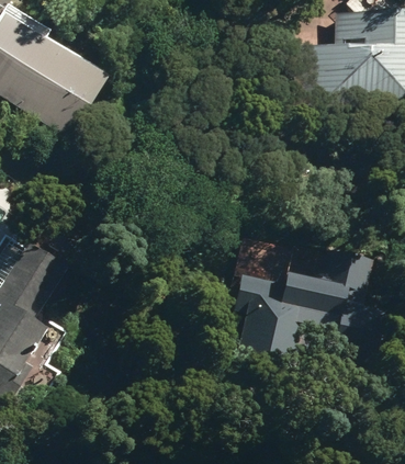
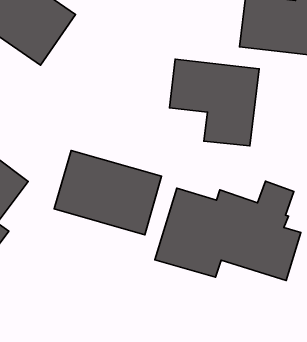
building: none -> [170,59,259,146]
building: none -> [54,150,161,235]

